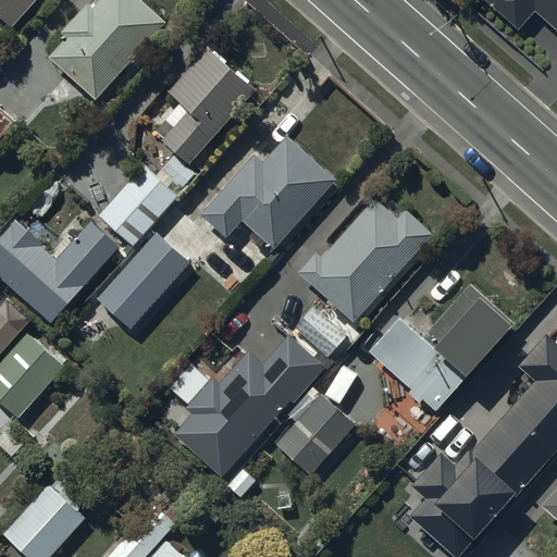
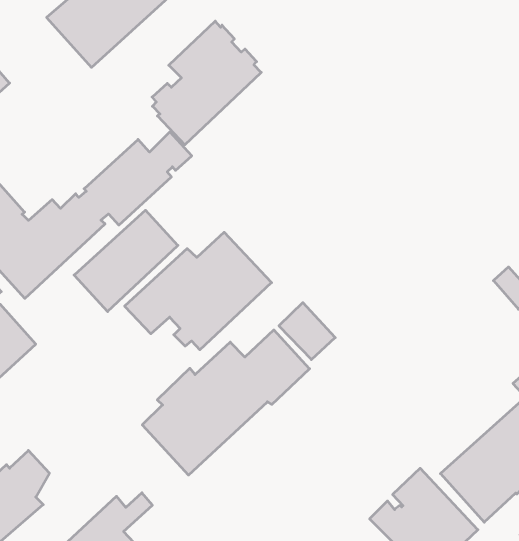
building: [199,136,336,249] -> [125,232,272,350]
building: [298,197,434,323] -> none
building: [368,284,515,410] -> none
building: [275,393,356,475] -> none

